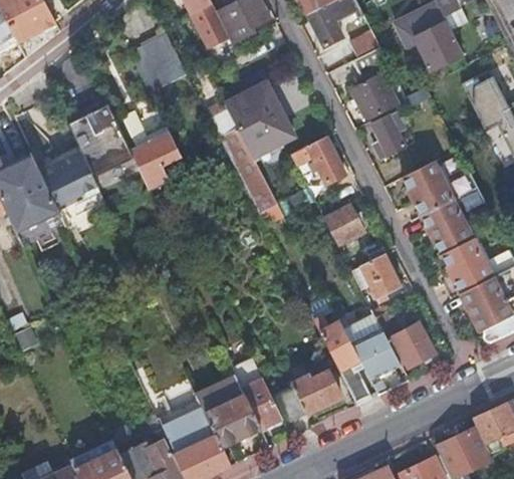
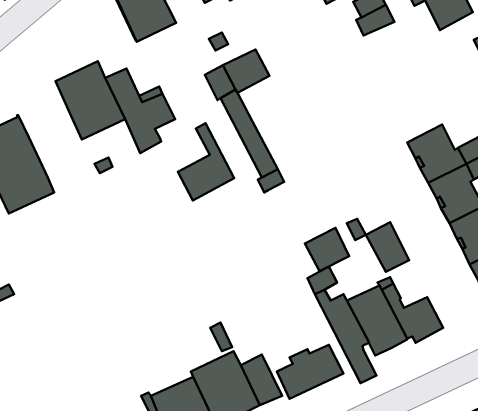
building: [351,74,398,121] -> none
building: [240,85,293,159] -> [178,123,234,200]
building: [371,113,406,161] -> none
building: [291,137,344,184] -> none
building: [42,154,100,212] -> none
building: [324,204,366,245] -> [305,228,349,271]

